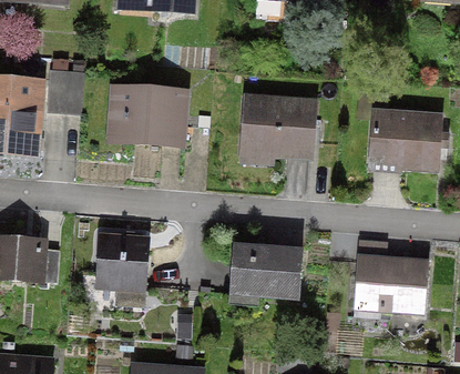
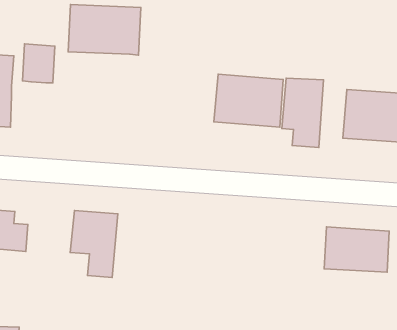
building: [110,88,184,140] -> [68,4,141,55]
building: none -> [282,78,323,148]
building: [232,244,297,287] -> none

